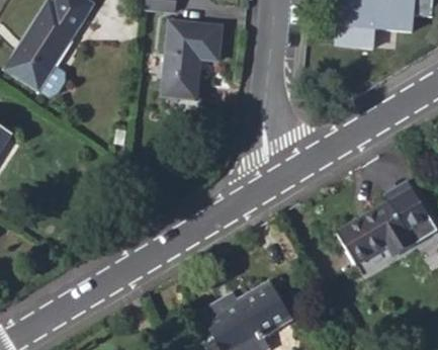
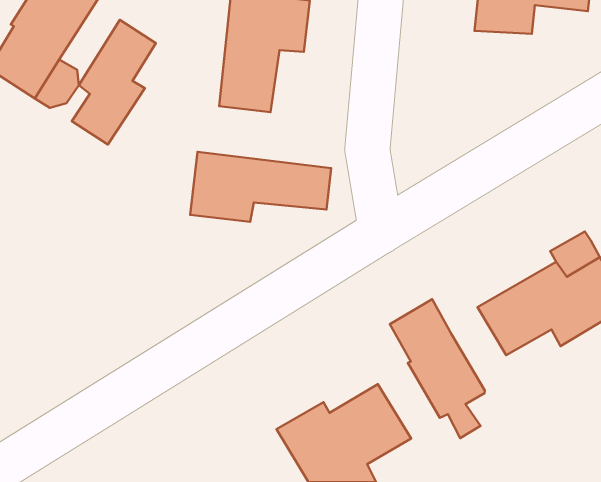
building: none -> [72,20,156,145]
building: none -> [190,152,331,222]
building: none -> [390,299,485,438]

